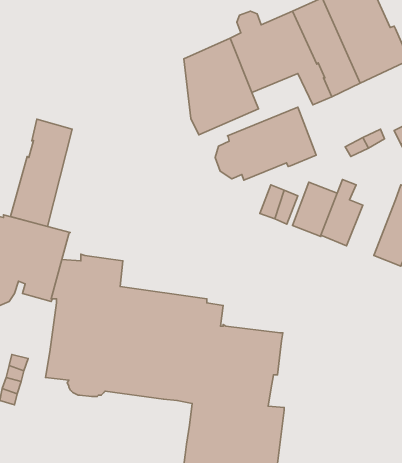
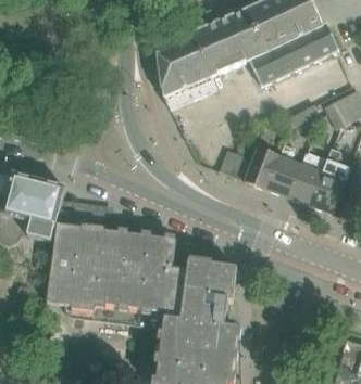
building: [215,107,316,180] -> none
building: [11,119,72,226] -> none
building: none -> [287,152,326,205]

